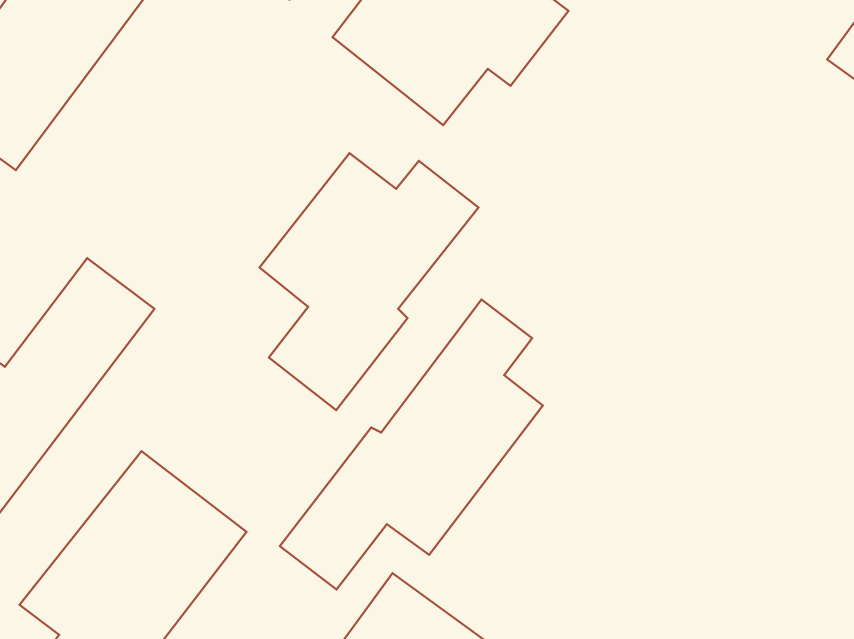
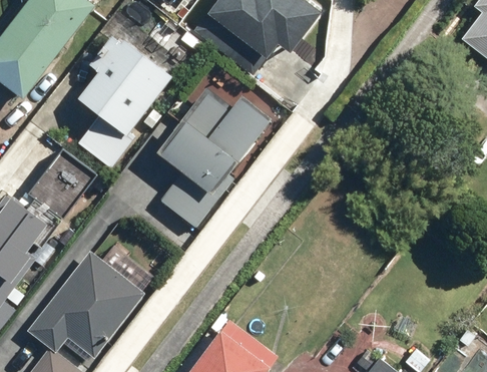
building: none -> [74,34,173,170]
building: [280,300,543,590] -> none

